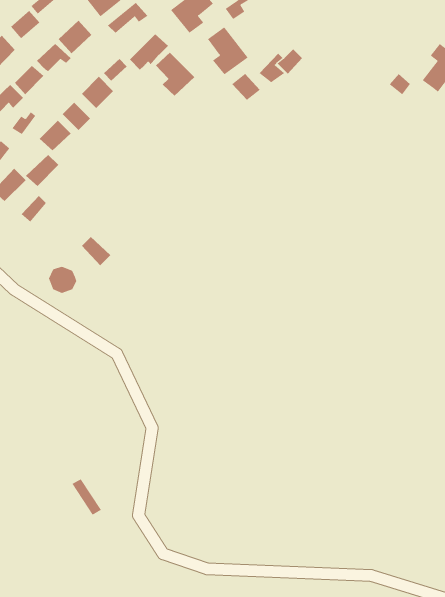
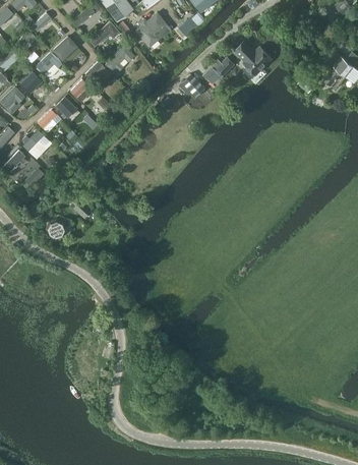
building: [207,27,249,75] -> none
building: none -> [235,42,271,74]
building: [155,52,195,97] -> none

